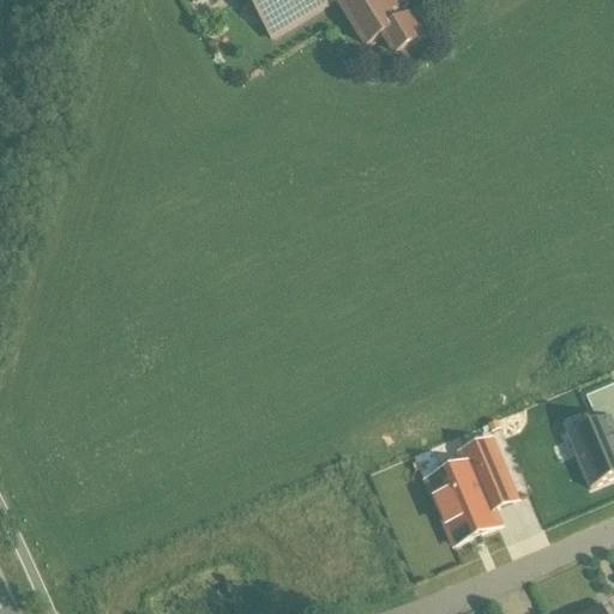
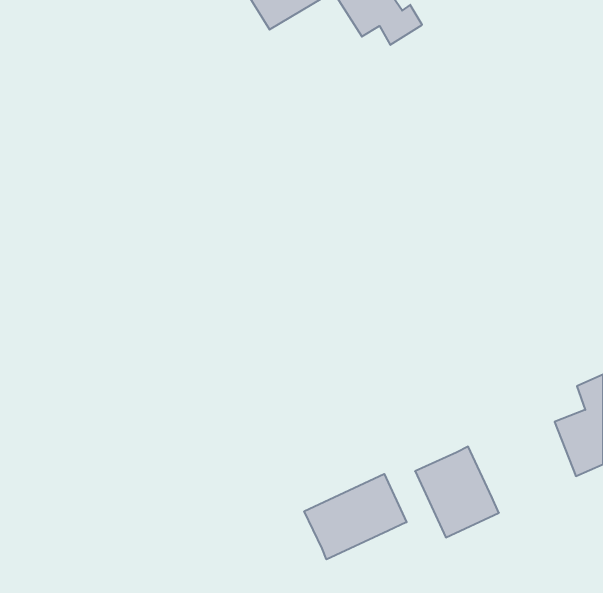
building: [459,434,522,505] -> none
building: none -> [304,474,407,559]

